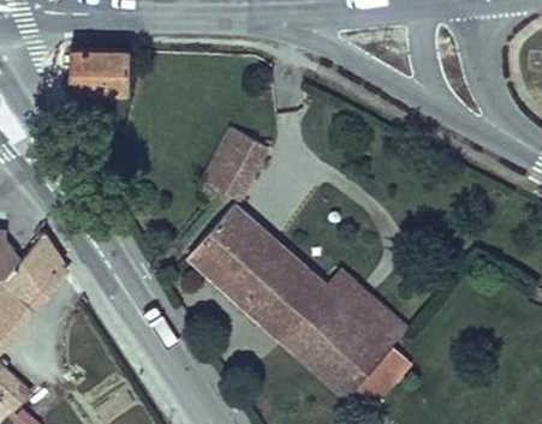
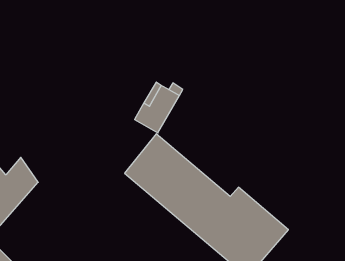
building: [59,48,132,103] -> none

